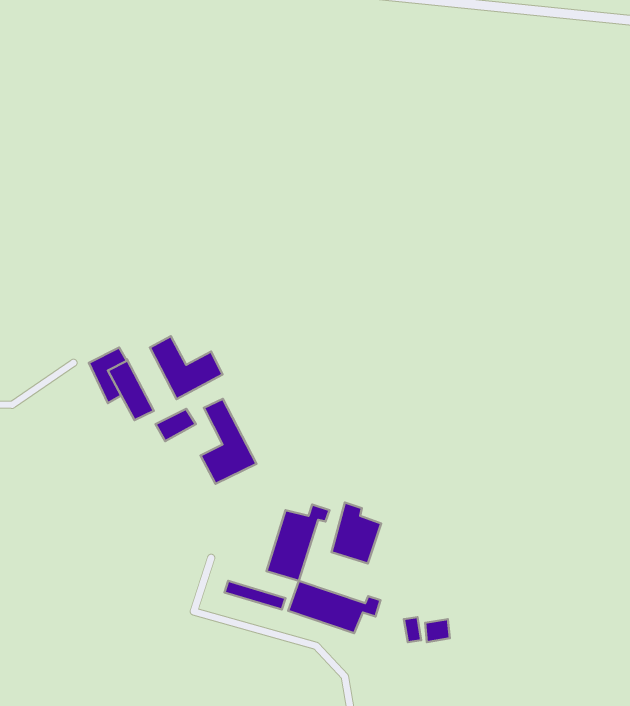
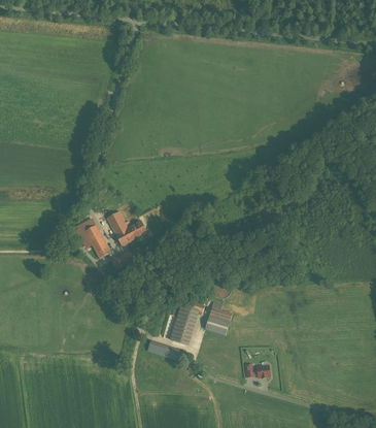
building: [200,399,257,484] -> none
building: [288,581,381,633] -> none

